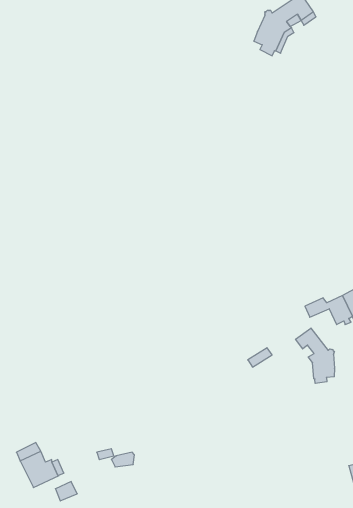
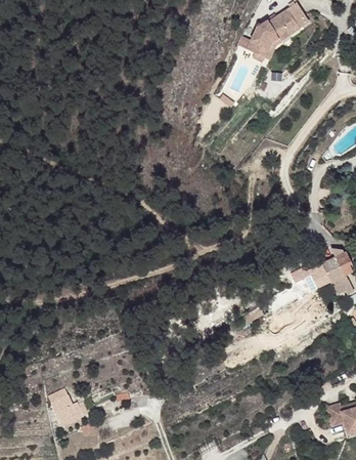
building: [296,328,334,383] -> none

